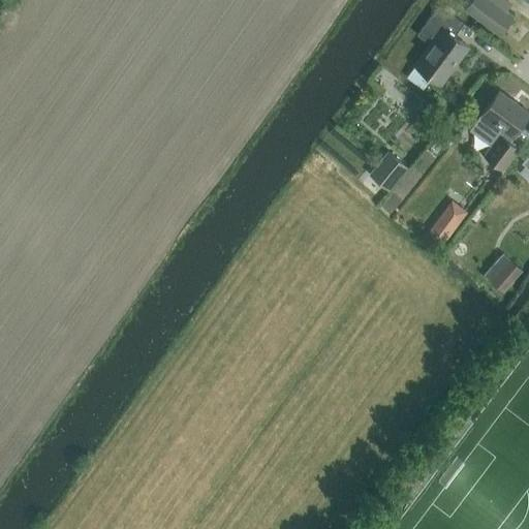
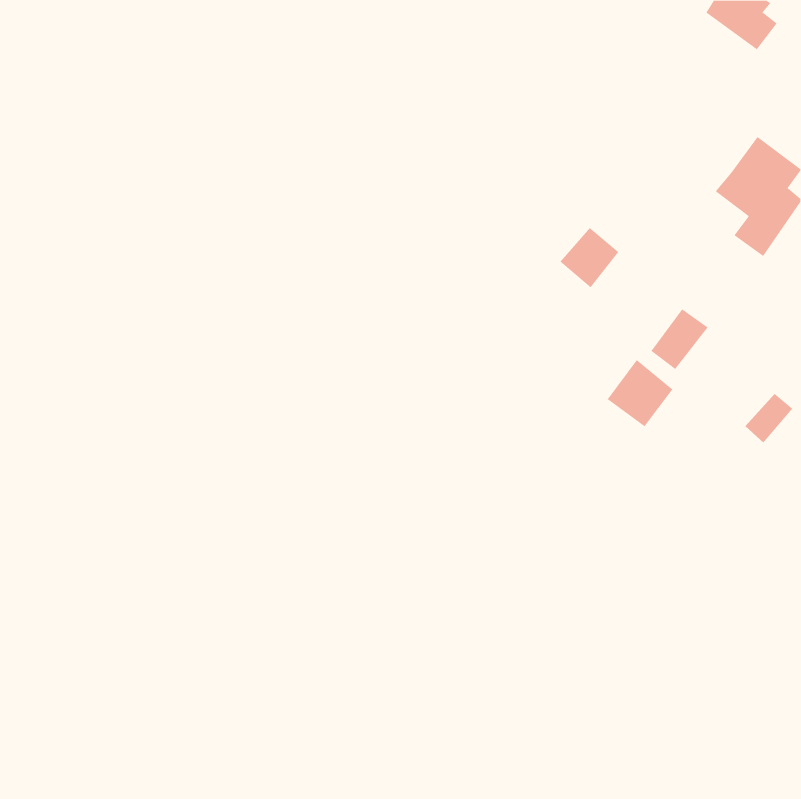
building: [408,5,468,88] -> none
building: none -> [607,359,673,427]

